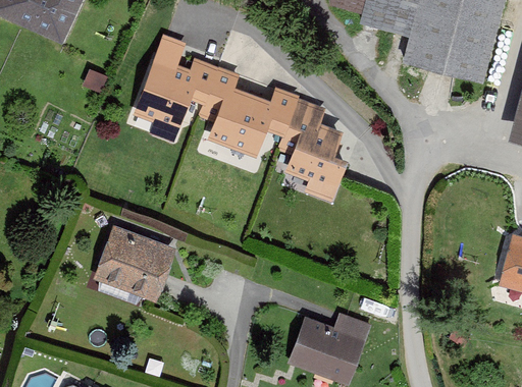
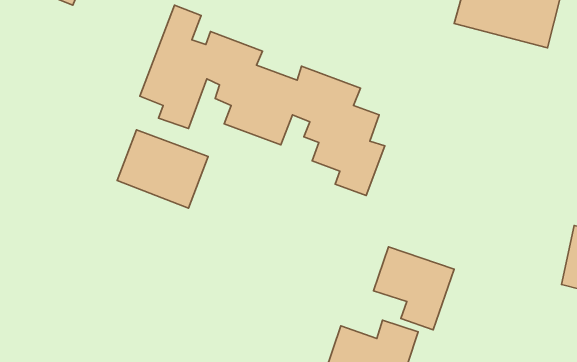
building: [97,224,177,293] -> [117,130,208,208]
building: none -> [374,247,454,330]

